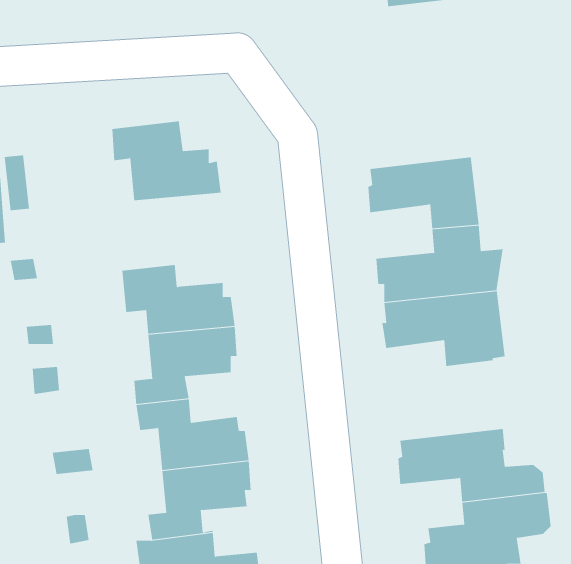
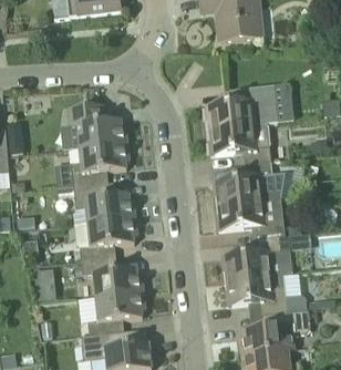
building: none -> [206,83,279,129]
building: none -> [55,142,130,186]
building: none -> [221,235,292,279]

